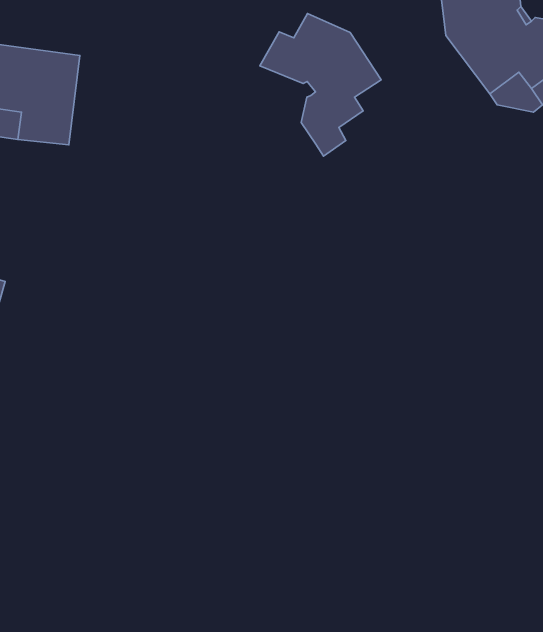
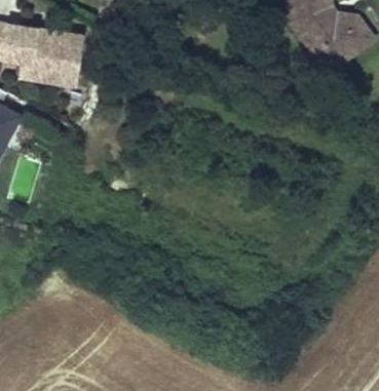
building: [260,13,381,156] -> none

